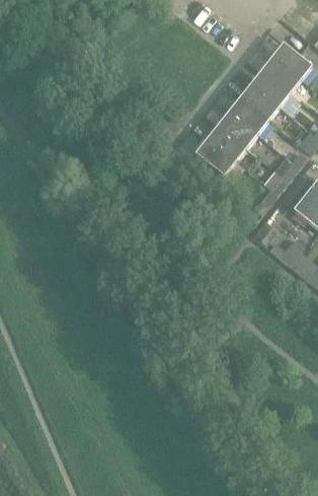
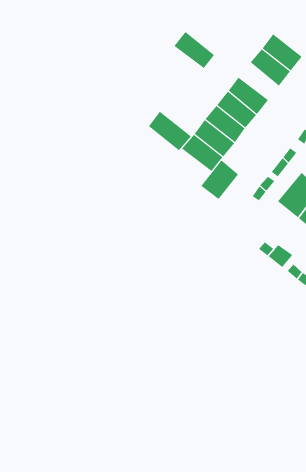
building: [251,68,291,104] -> [174,31,215,69]
building: none -> [148,111,192,151]
building: none -> [201,159,239,200]

